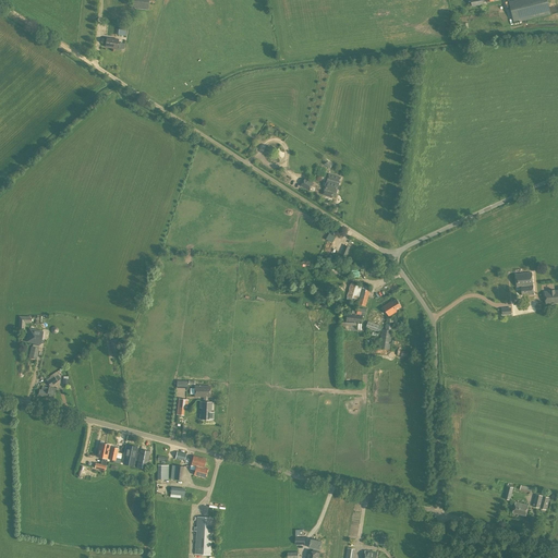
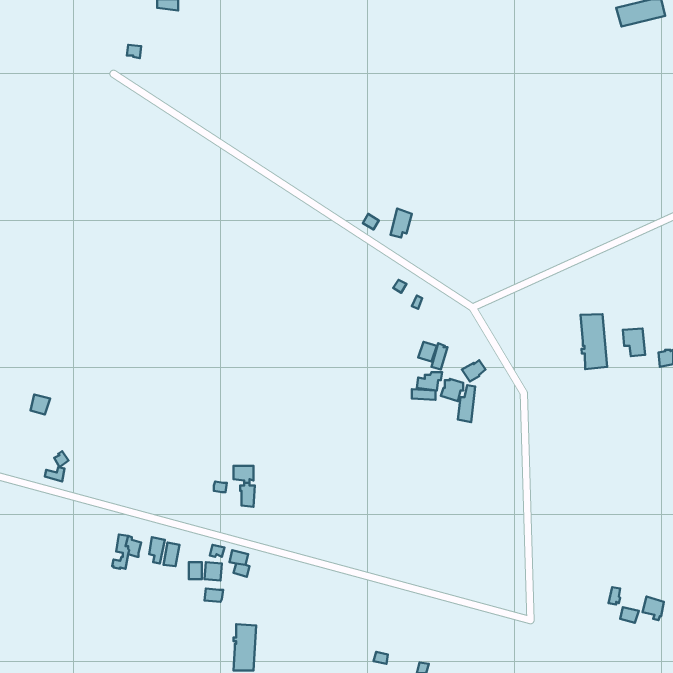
building: none -> [580,314,607,369]

